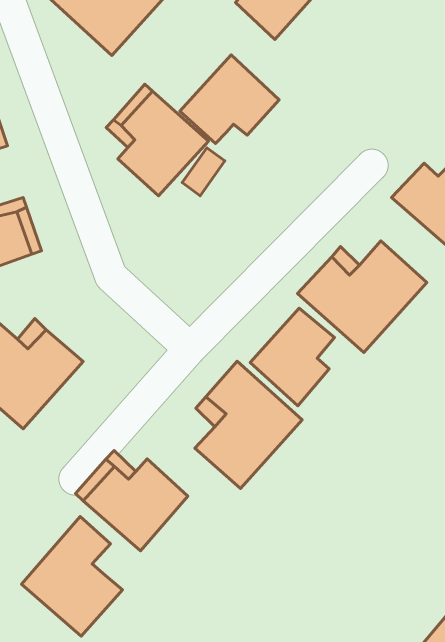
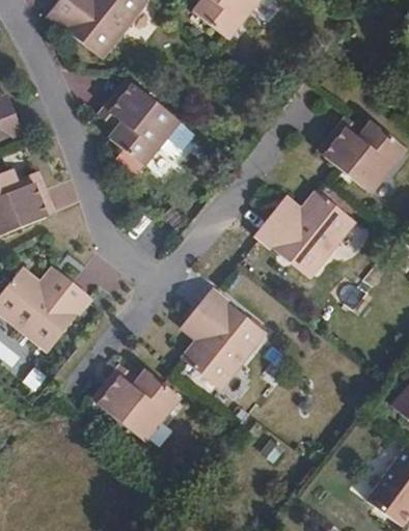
building: [180,55,279,144] -> none
building: [250,308,334,406] -> none
building: [21,517,123,636] -> none

